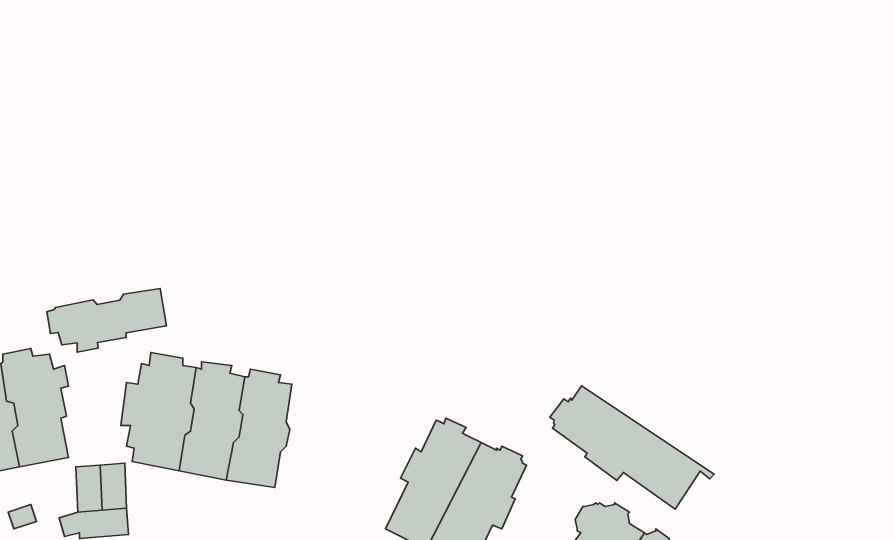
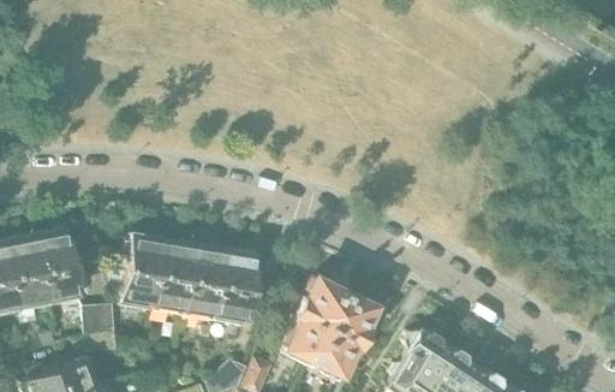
building: [47,288,166,352] -> none
building: none -> [214,248,264,325]
building: [550,386,714,509] -> none

